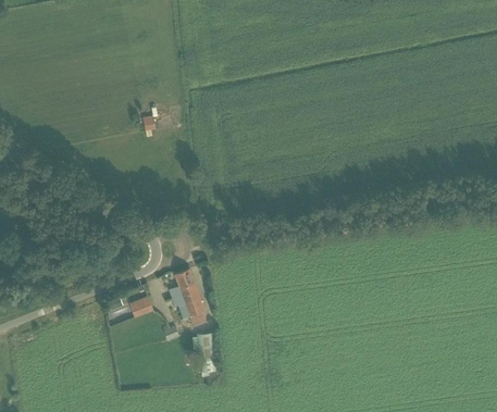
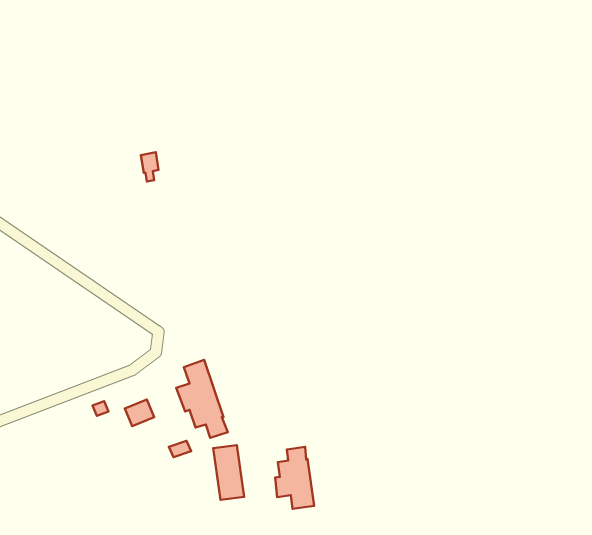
building: none -> [275,447,314,509]

